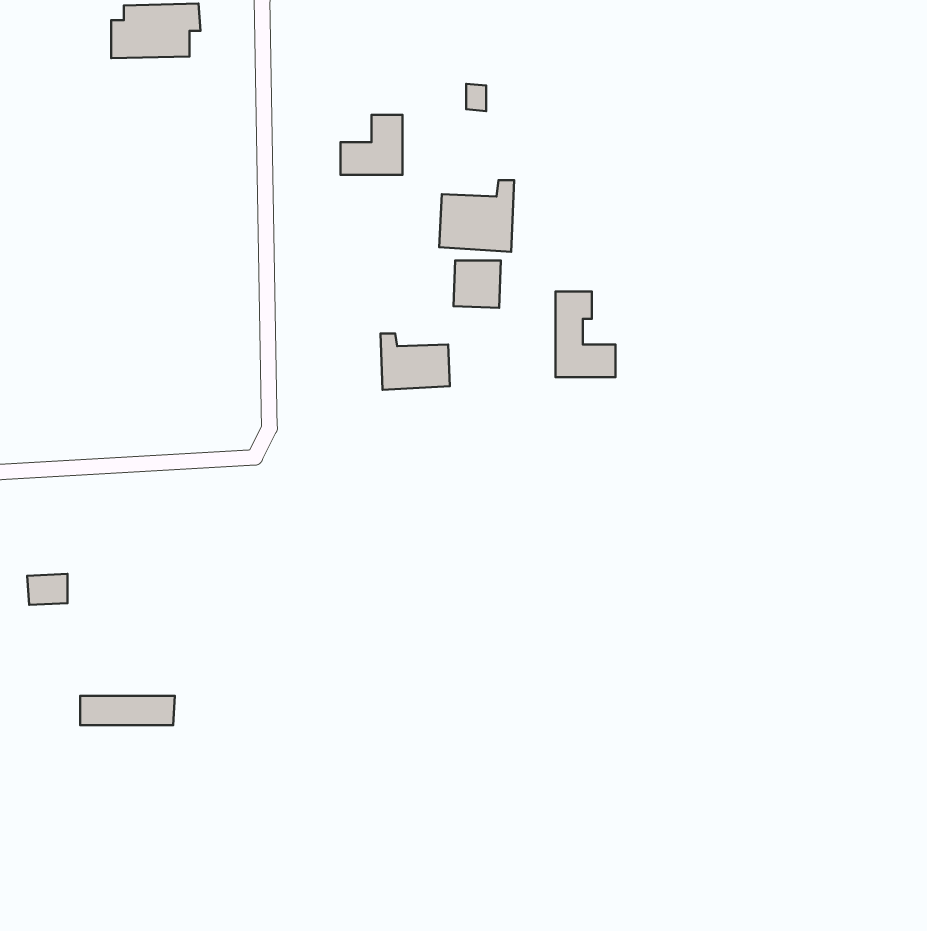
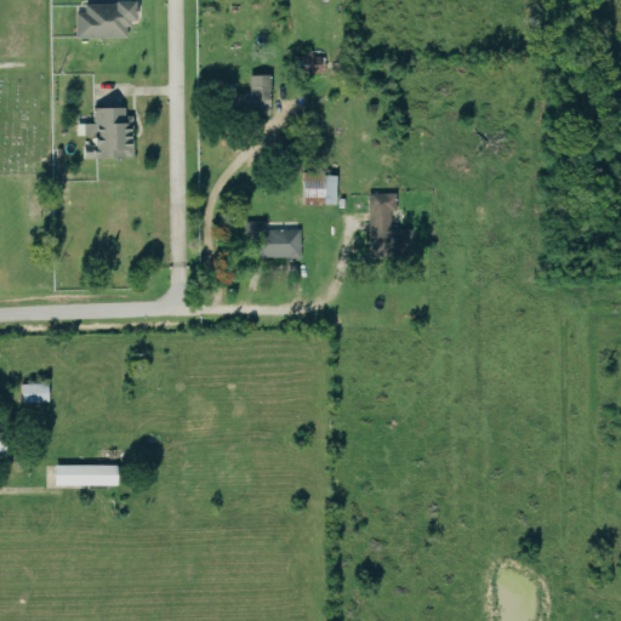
building: none -> [79,109,133,159]
building: [439,180,514,252] -> none

